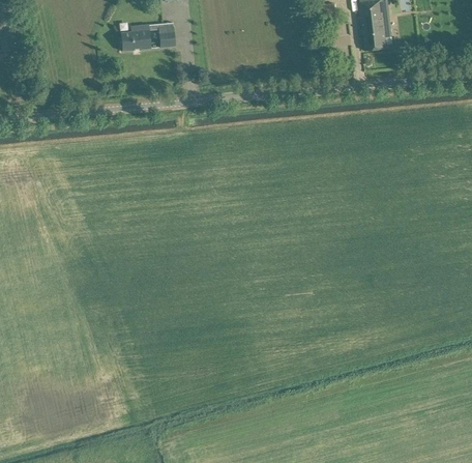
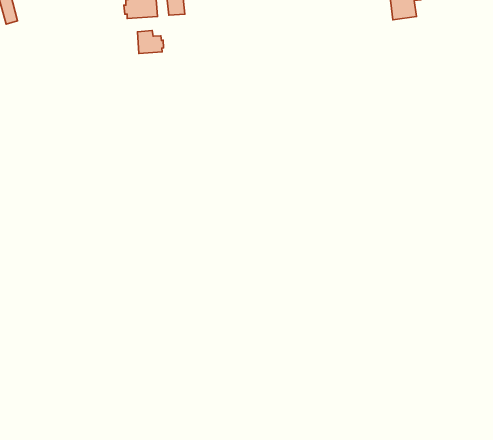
building: none -> [138,31,163,54]

